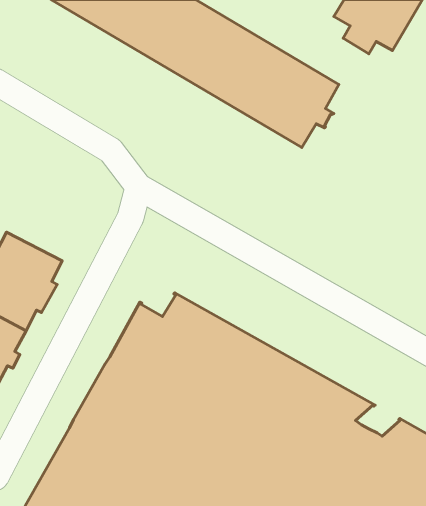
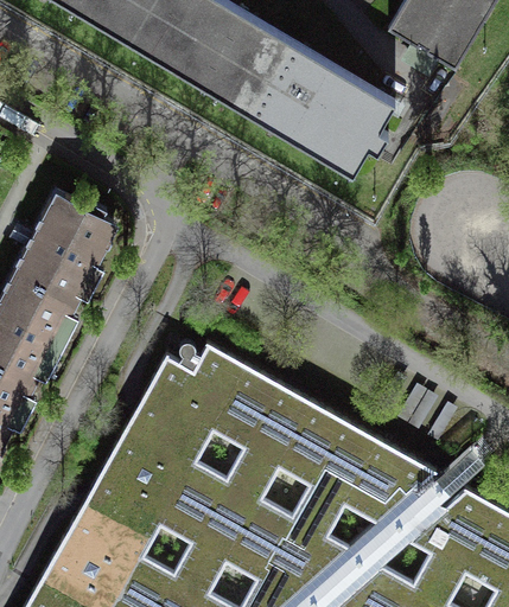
building: none -> [13,191,114,306]

